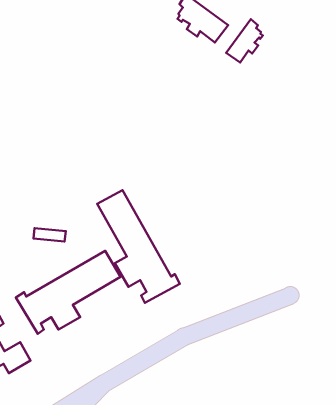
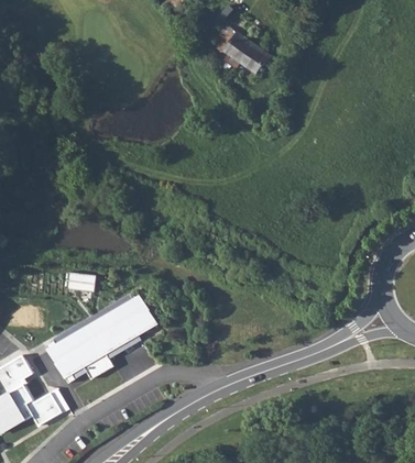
building: [226,19,263,63] -> none
building: [97,190,180,303] -> none

